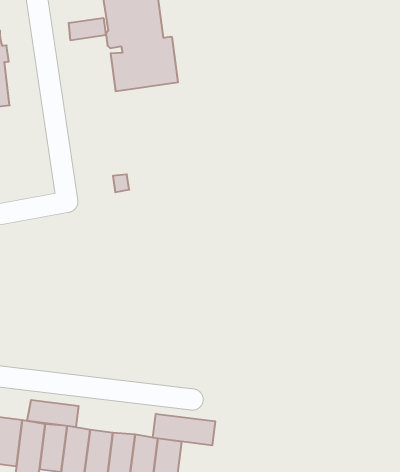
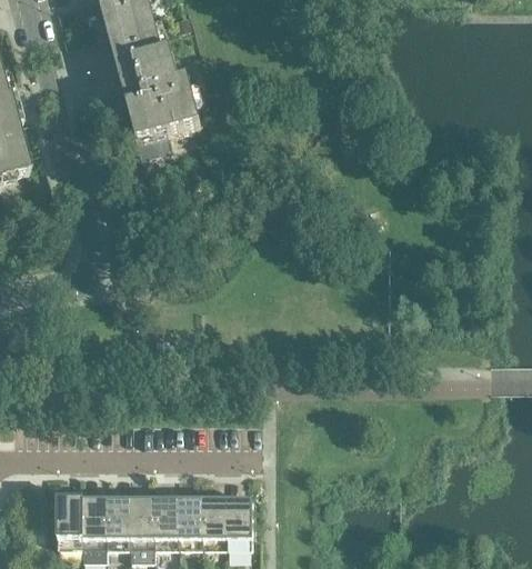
building: [69,18,106,40] -> none
building: [27,400,79,427] -> none
building: [153,414,215,445] -> none

